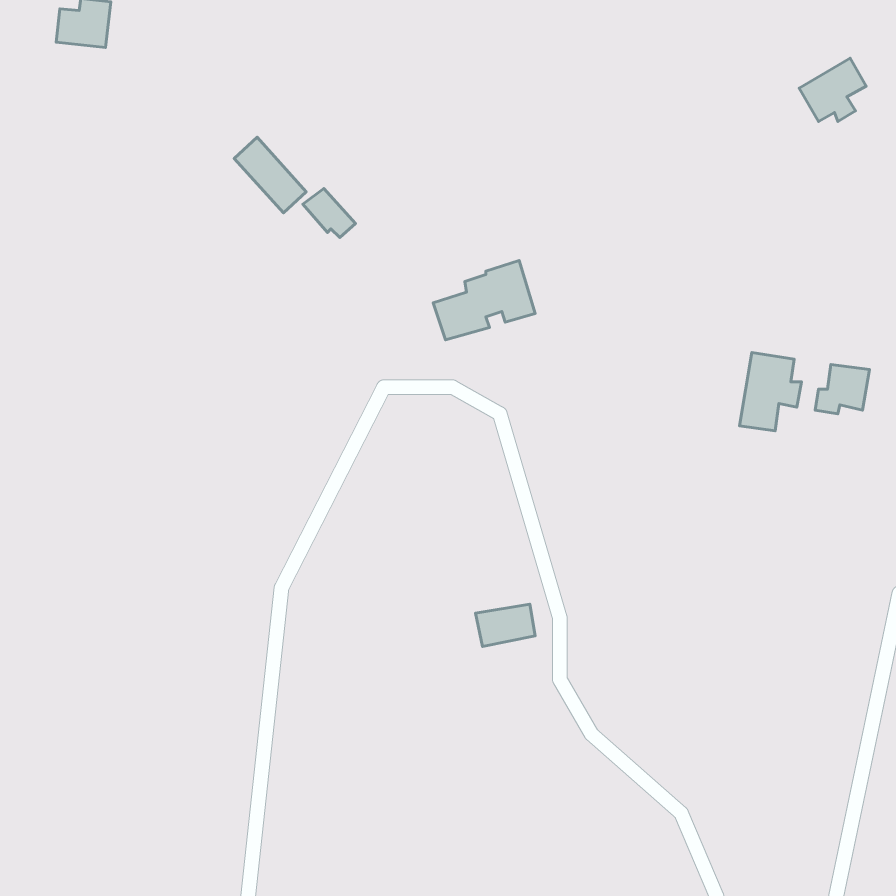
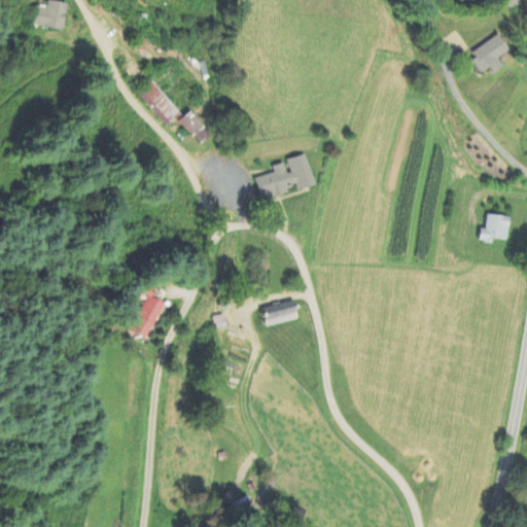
building: [739,352,801,431] -> none
building: none -> [133,294,165,339]
building: [475,604,535,647] -> [261,301,296,325]

